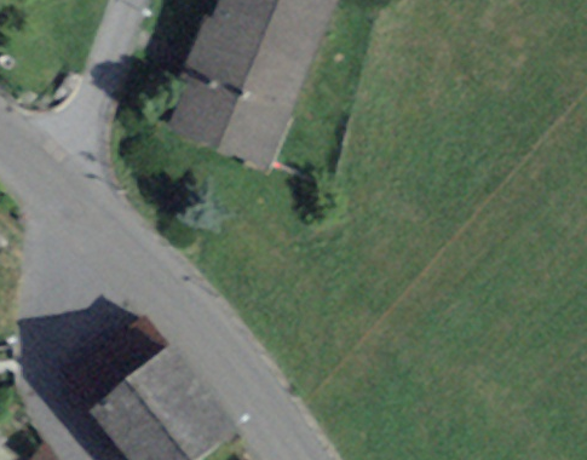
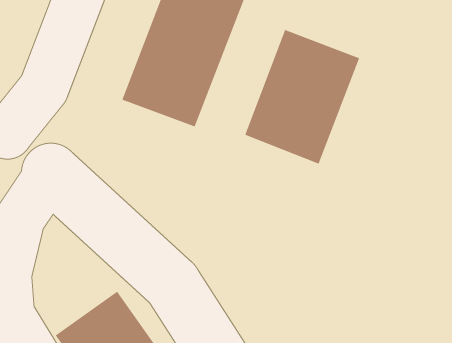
building: none -> [245,29,360,165]

